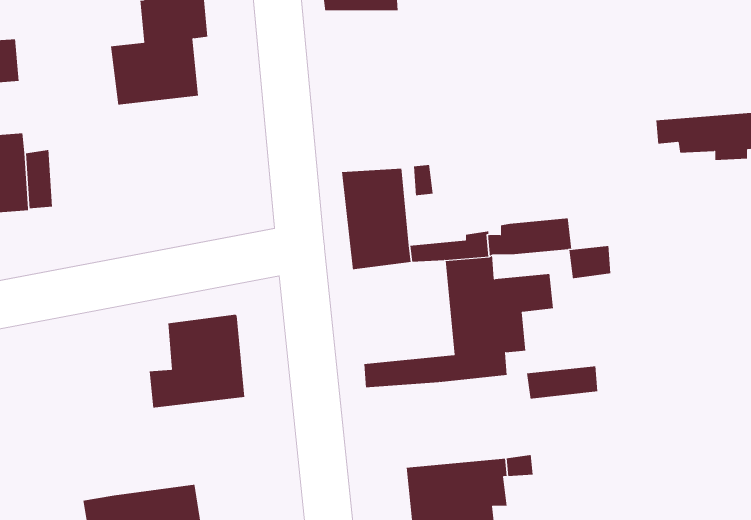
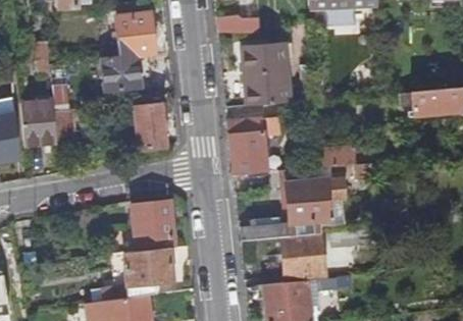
building: none -> [243,46,290,107]
building: none -> [134,104,165,150]
building: none -> [281,233,324,277]
building: none -> [101,246,177,300]

